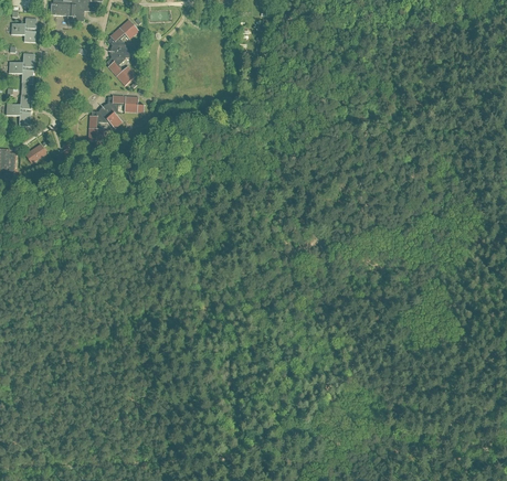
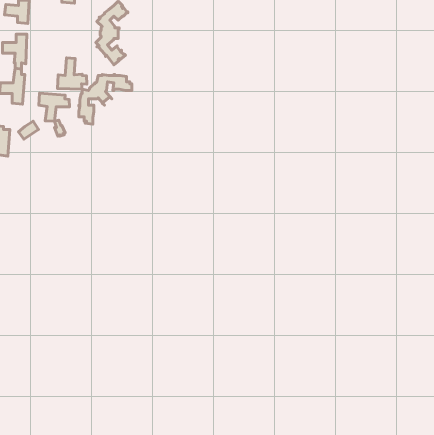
building: none -> [58,58,87,89]
building: none -> [39,93,69,121]

